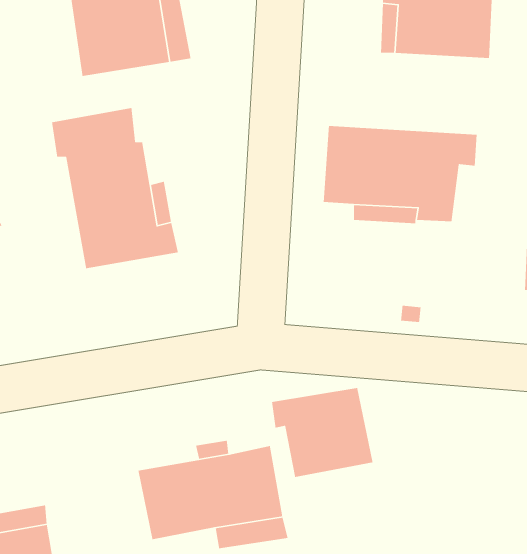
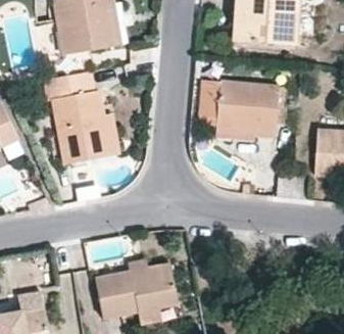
building: [271,387,374,478] -> none

